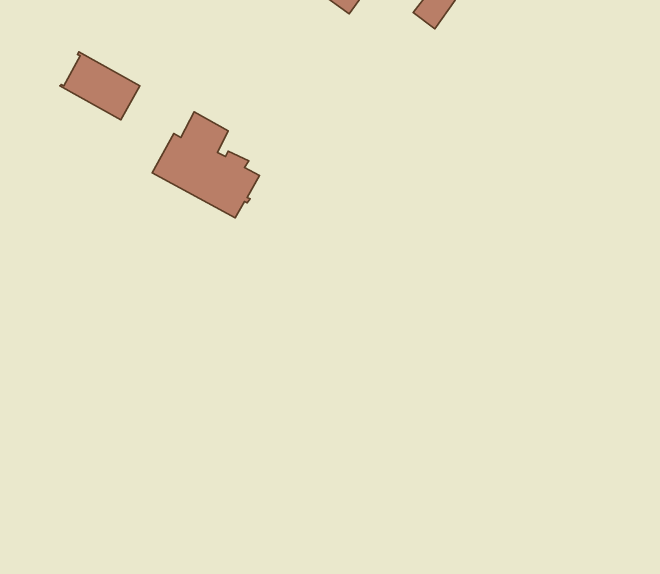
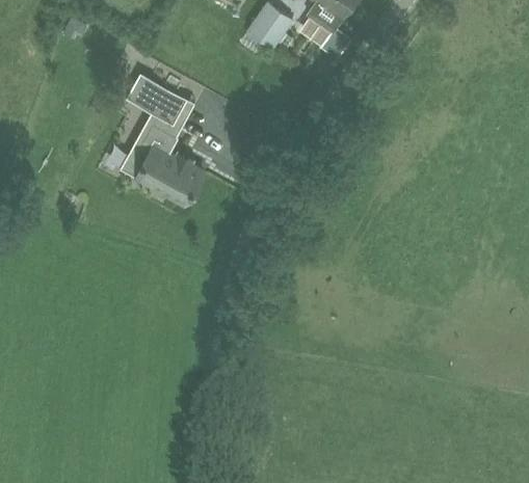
building: [60,52,140,120] -> [126,73,187,125]

